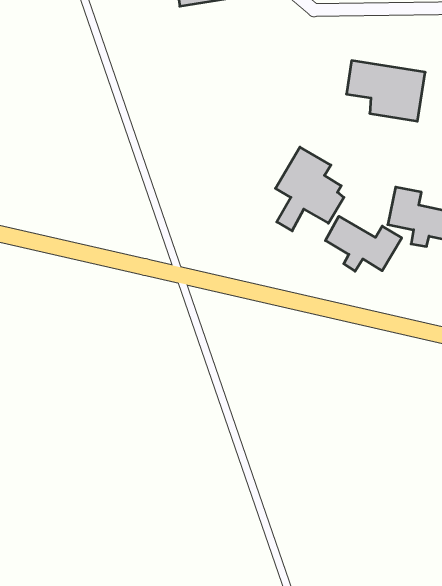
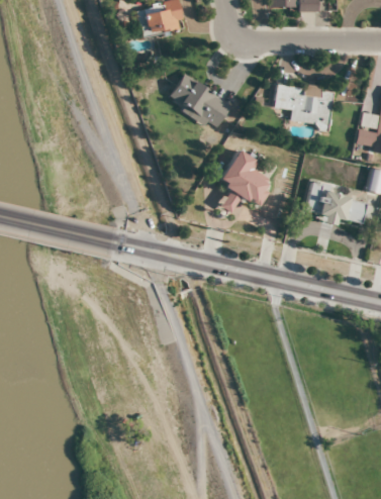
building: none -> [167,73,231,125]
building: [325,216,402,271] -> none

